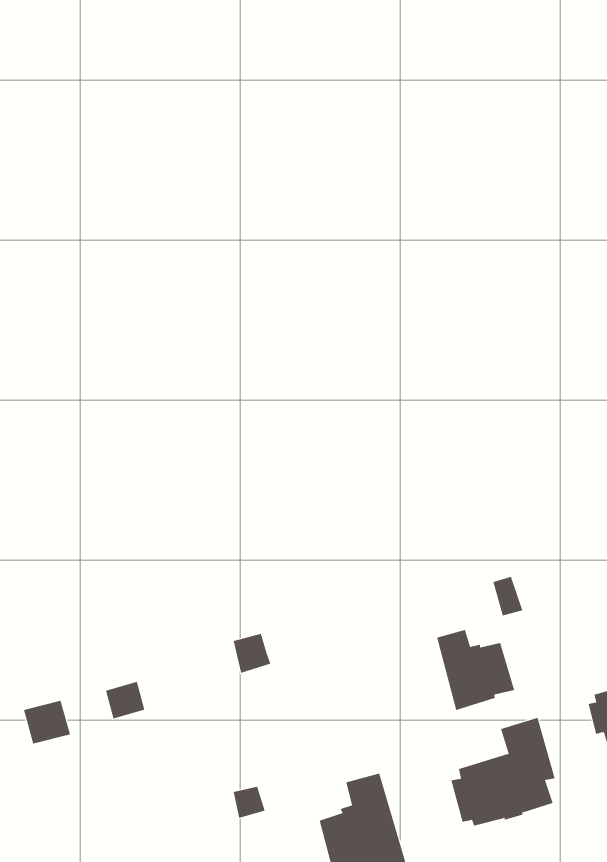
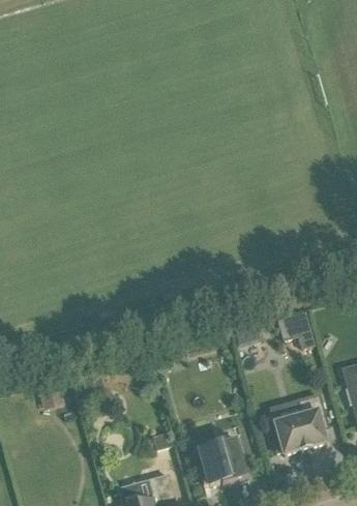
building: [436,629,515,711] -> none

